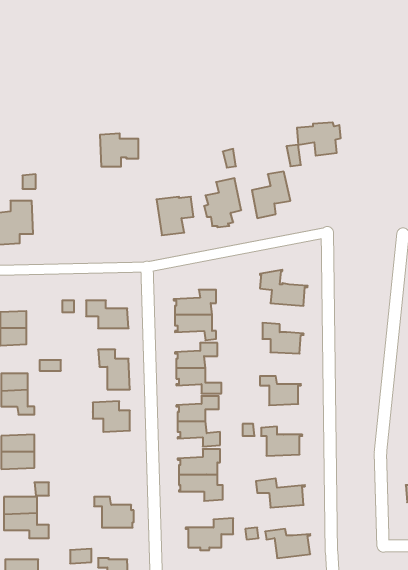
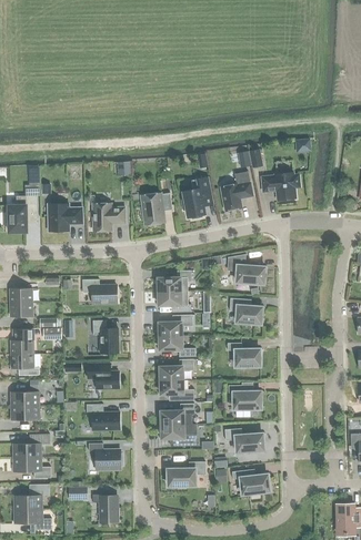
building: [297,122,341,156] -> [261,172,298,200]
building: [100,133,138,167] -> [92,202,124,230]
building: none -> [48,203,81,231]
building: none -> [86,403,119,429]

